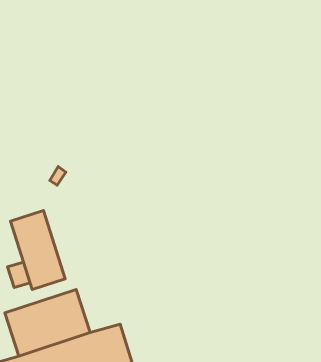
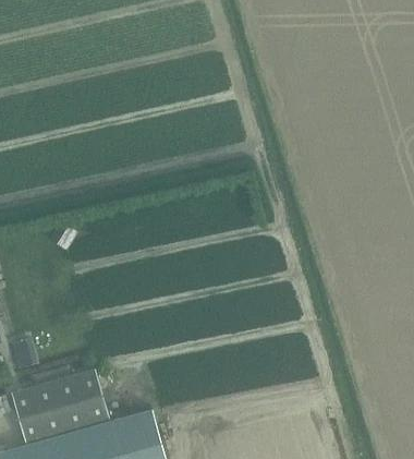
building: [11,211,65,290] -> none

